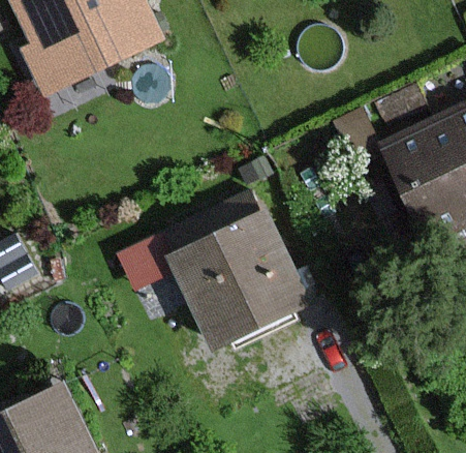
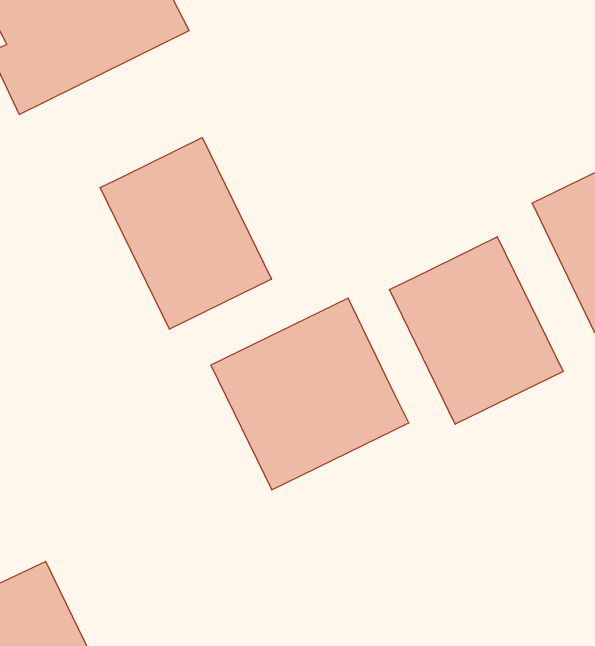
building: none -> [100,138,271,329]
building: none -> [389,237,563,424]

